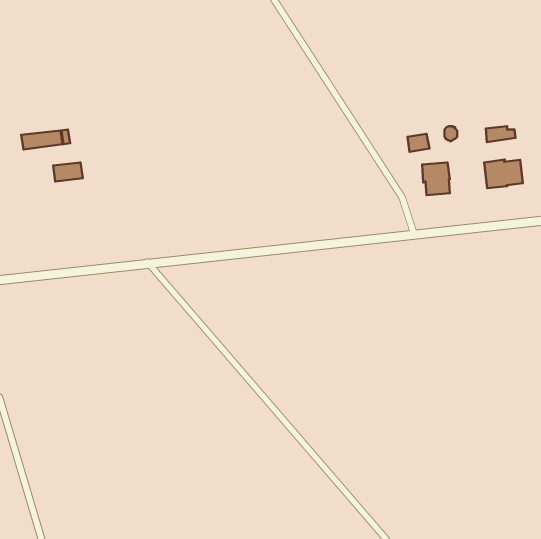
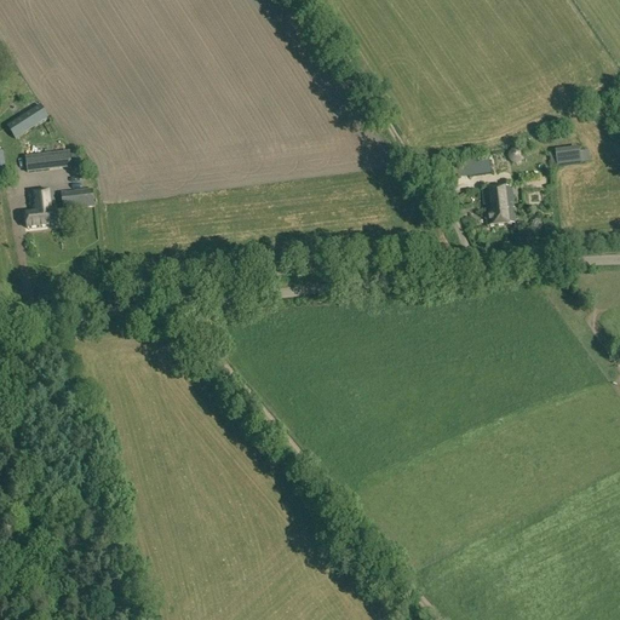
building: none -> [6,102,48,137]
building: [484,159,523,188] -> none
building: none -> [25,191,57,225]

